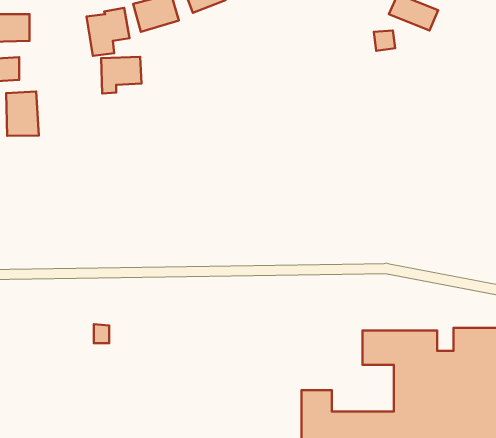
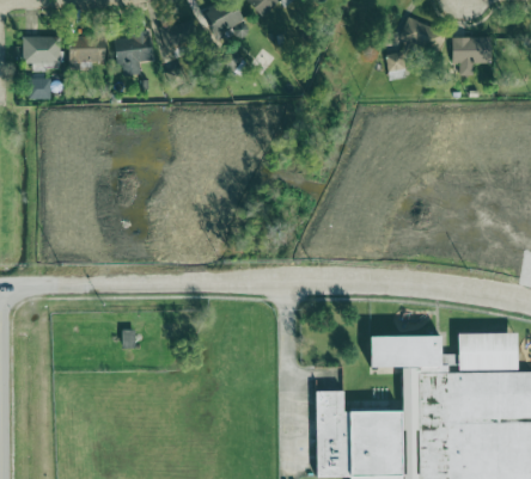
building: none -> [452,37,493,75]
building: [101,57,142,94] -> [68,36,106,70]
building: [6,91,39,136] -> none

